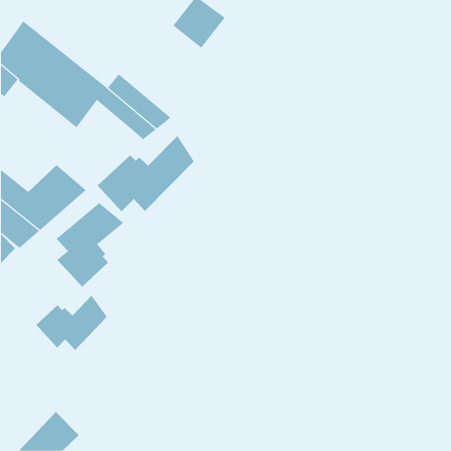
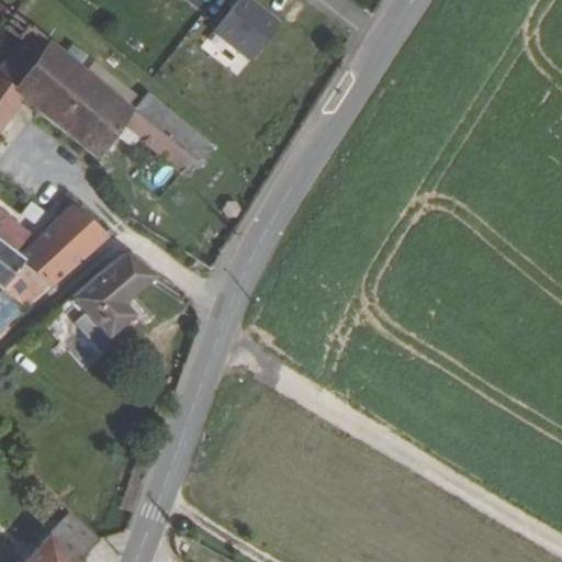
building: [97,135,195,212] -> none
building: [35,295,107,351] -> none

